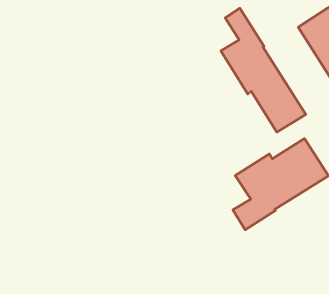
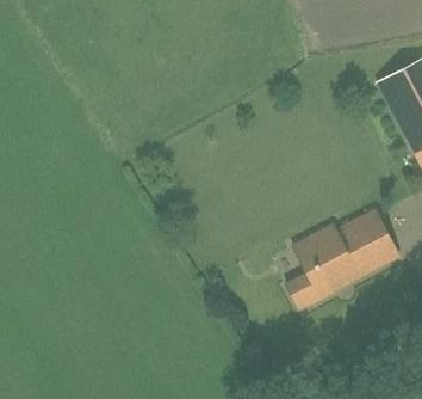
building: [221,8,306,132] -> none

